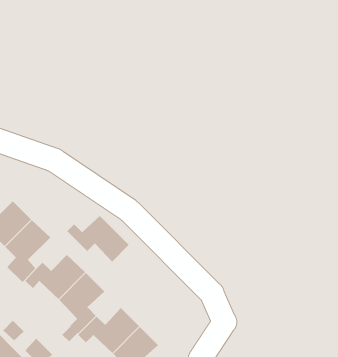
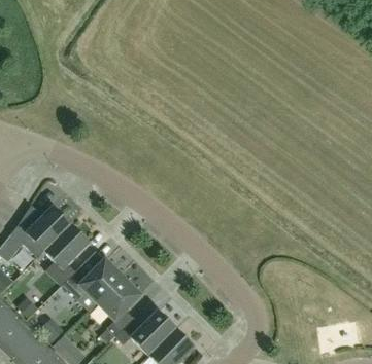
building: [66,215,130,262] -> none

